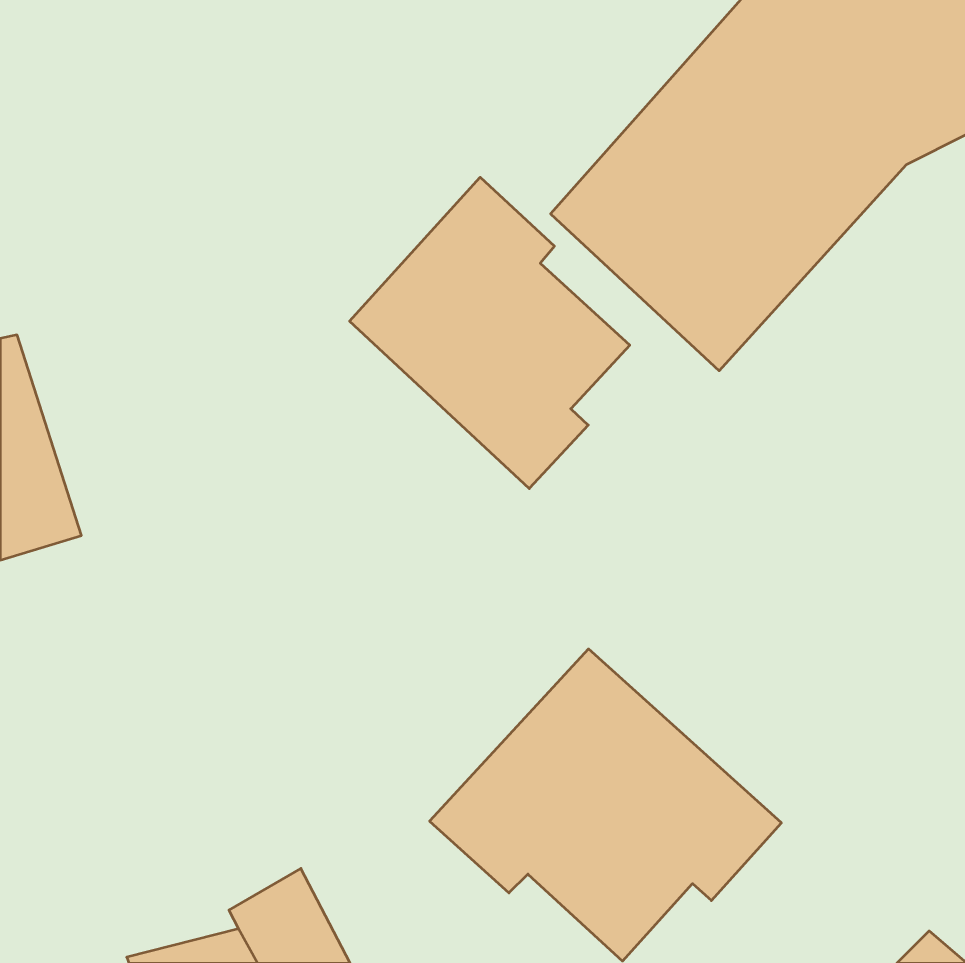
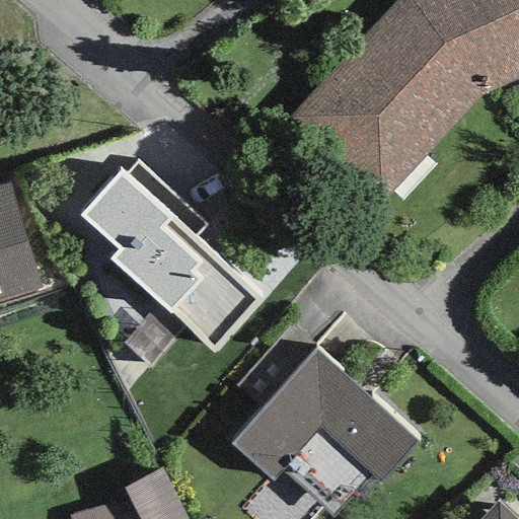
building: [350,177,630,489] -> none
building: none -> [80,169,263,352]

